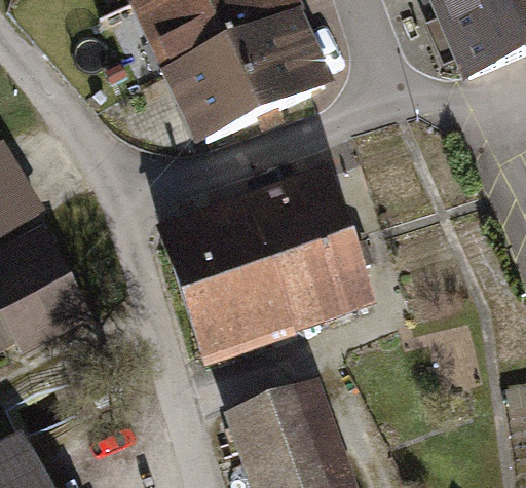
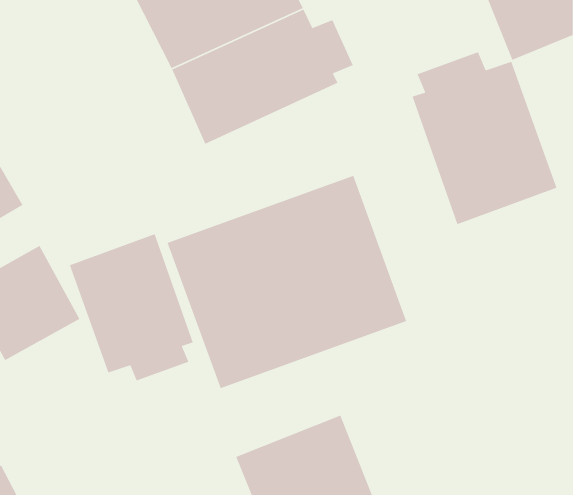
building: none -> [411,51,558,225]
building: none -> [69,233,194,382]

